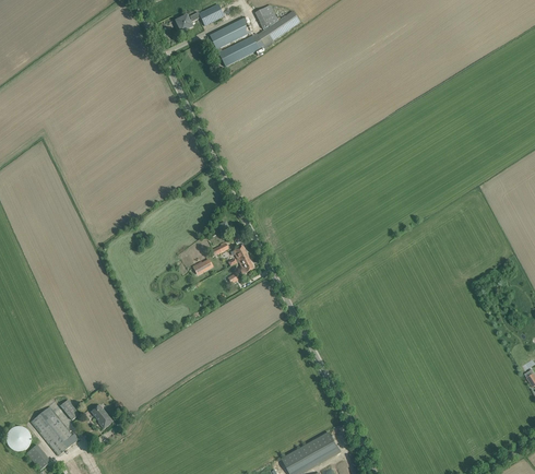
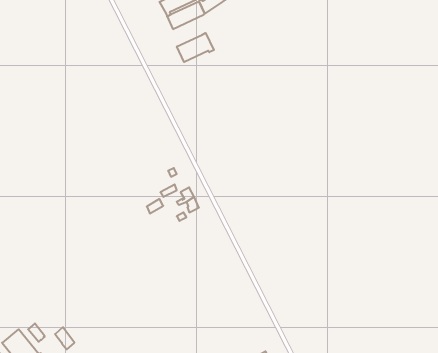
building: none -> [177,33,214,62]

